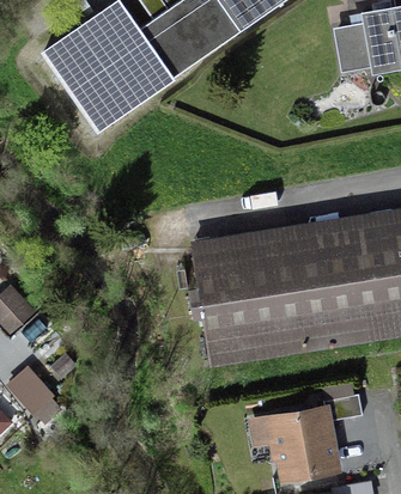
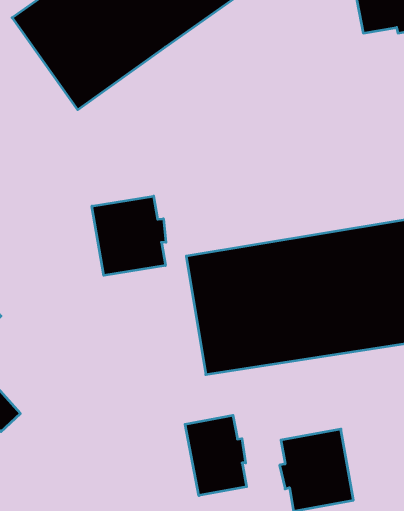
building: none -> [92,196,166,275]
building: none -> [185,415,247,496]

